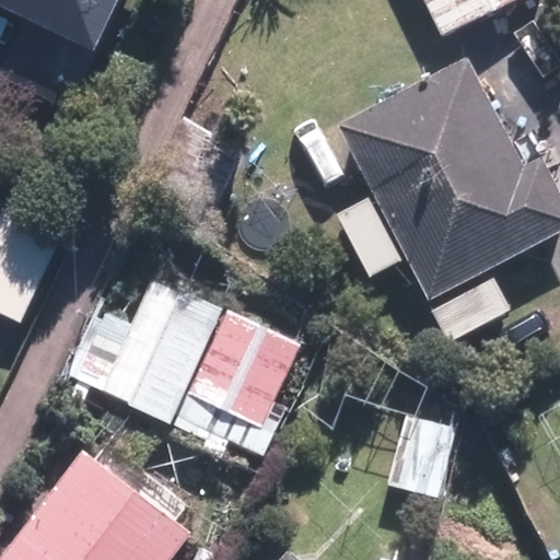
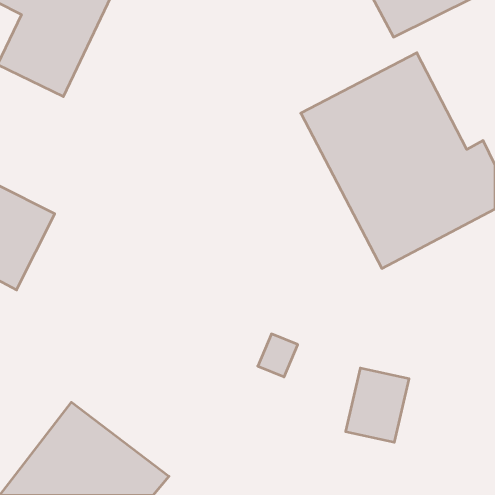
building: [106,270,302,456] -> none

